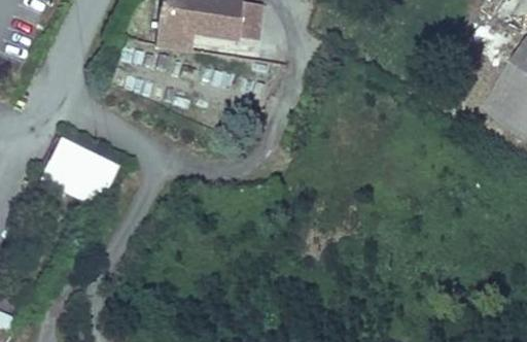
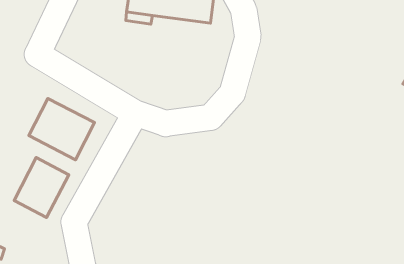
building: none -> [14,158,69,218]

